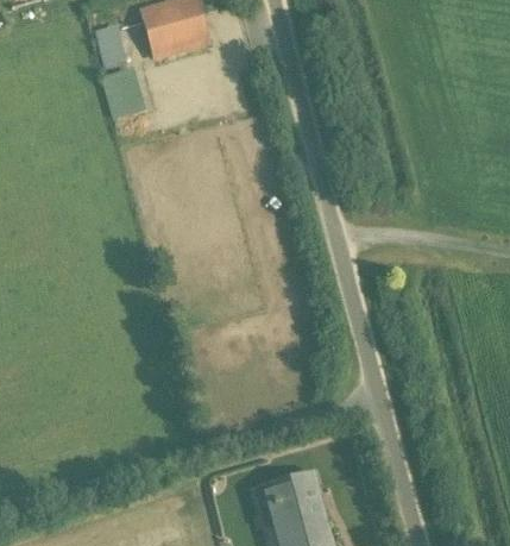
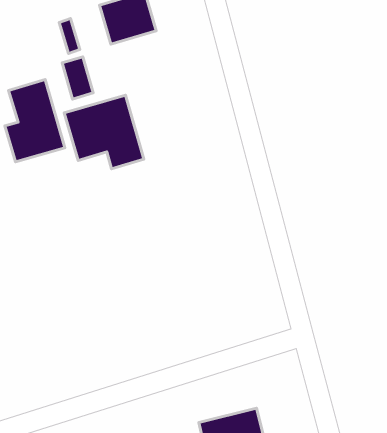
building: none -> [5,80,65,162]
building: none -> [64,95,144,169]

